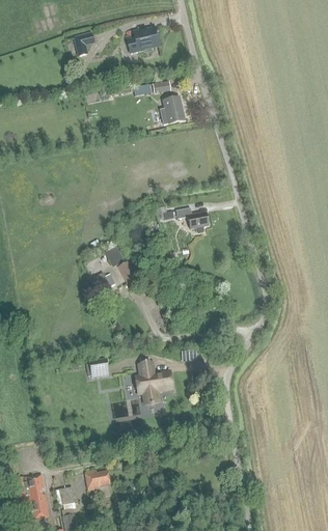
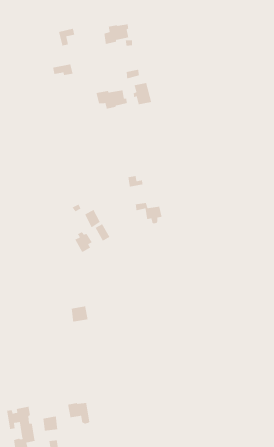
building: none -> [96,89,128,109]
building: [176,207,209,233] -> [135,202,162,224]
building: [135,362,173,403] -> none

